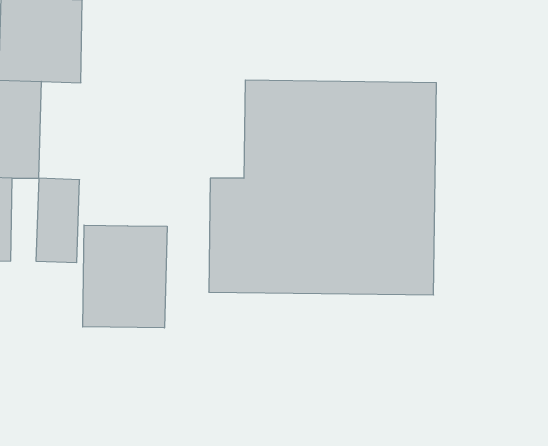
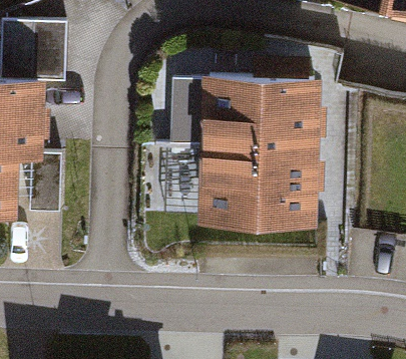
building: [83,225,167,328] -> none

